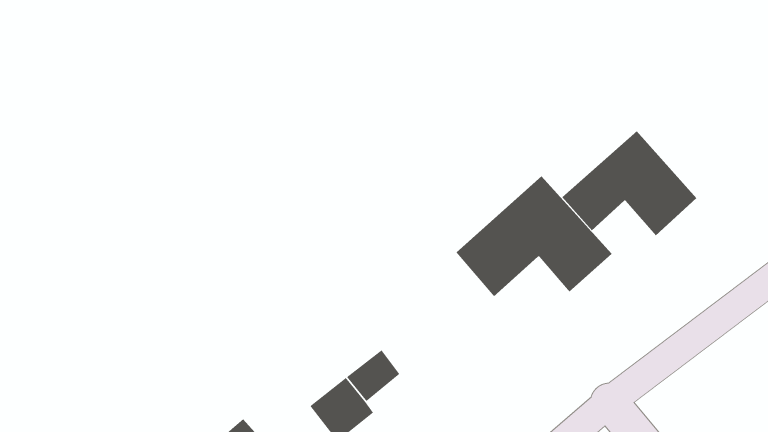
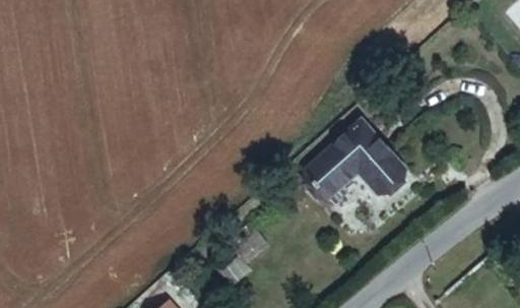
building: [562,130,697,236] -> none

